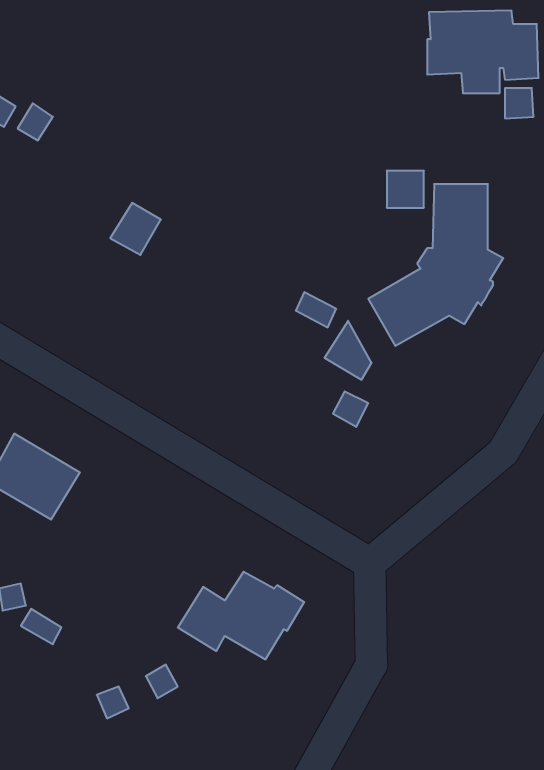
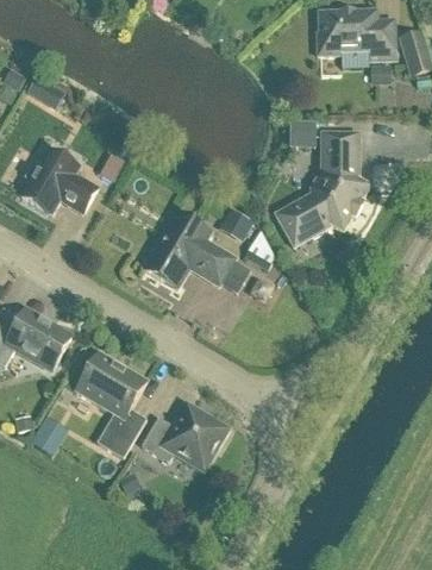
building: none -> [20,149,98,213]
building: none -> [143,212,251,293]
building: none -> [75,351,146,457]

